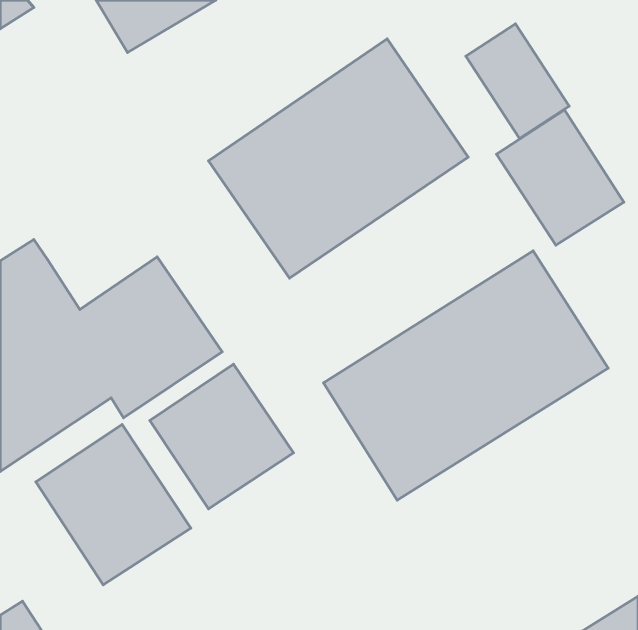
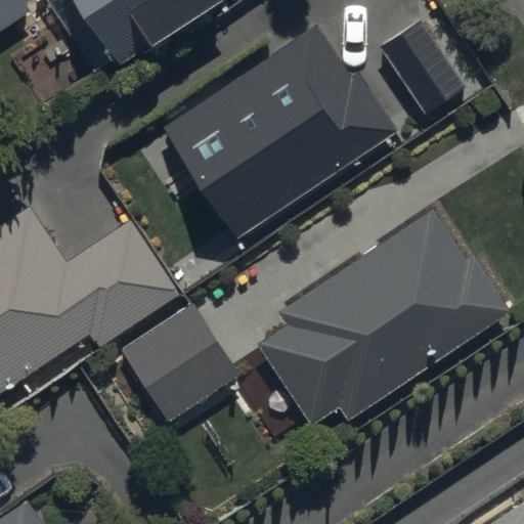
building: [497,110,624,245] -> none
building: [36,424,191,585] -> none

